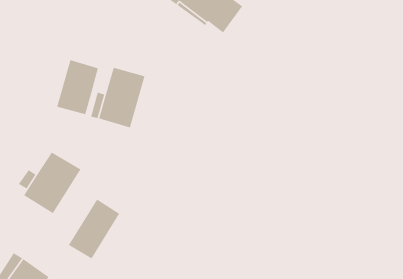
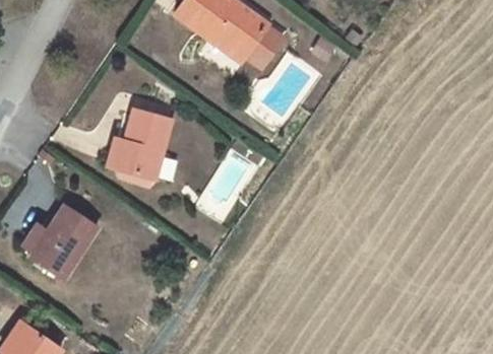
building: [56,59,99,115] -> none
building: [68,199,120,260] -> none

